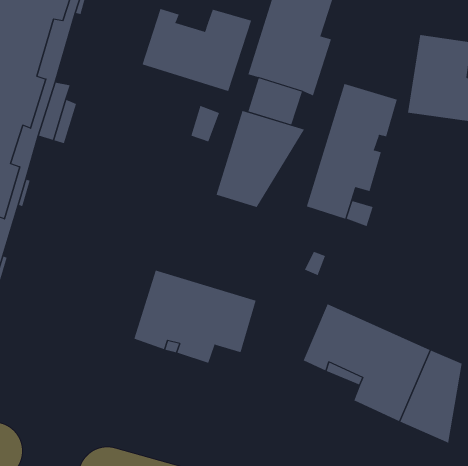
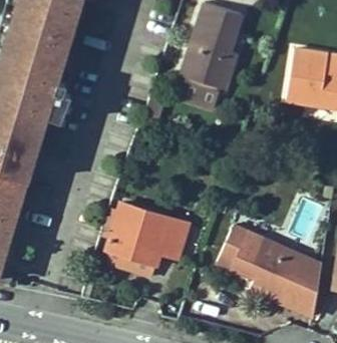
building: [142,8,252,92] -> none
building: [306,83,397,220] -> none
building: [216,110,305,208] -> none

